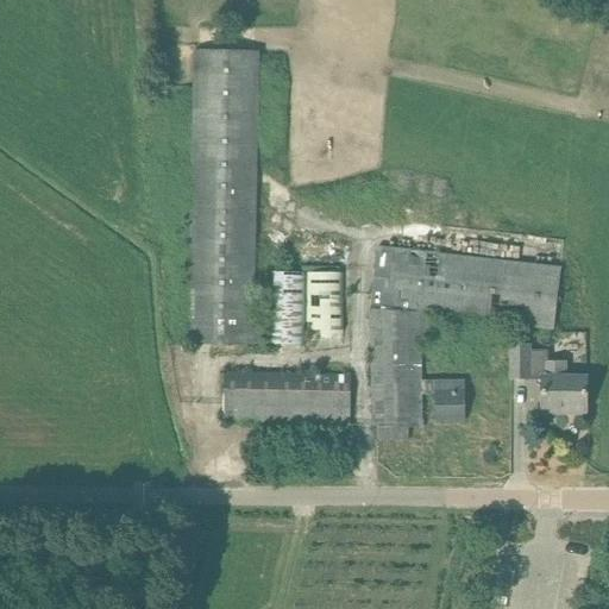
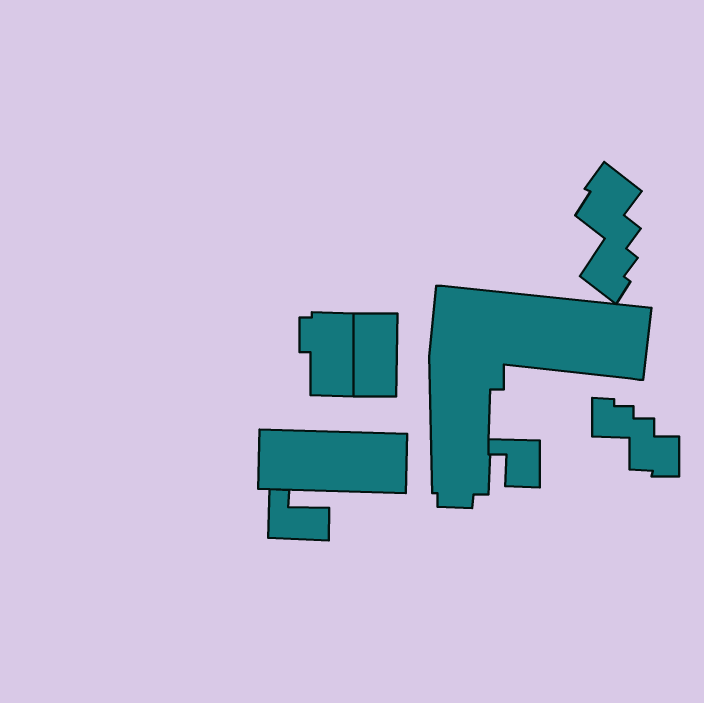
building: [187,49,263,345] -> none
building: none -> [575,162,642,304]
building: none -> [268,489,329,541]

